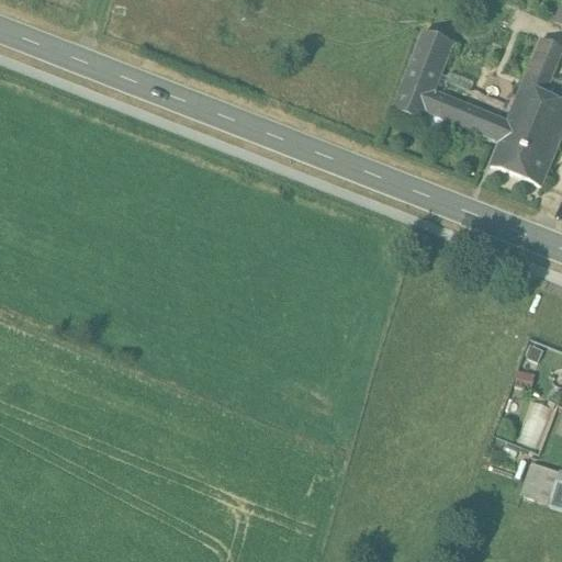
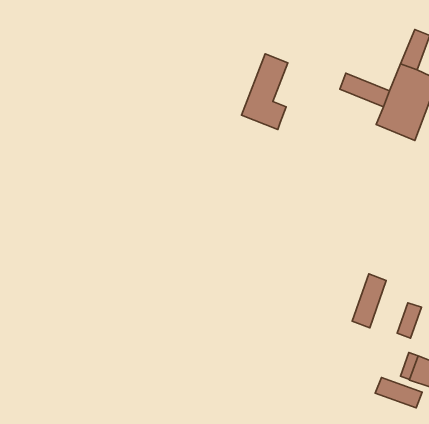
building: [394,26,454,125] -> [242,54,288,129]
building: none -> [352,274,386,328]
building: none -> [375,378,422,408]

